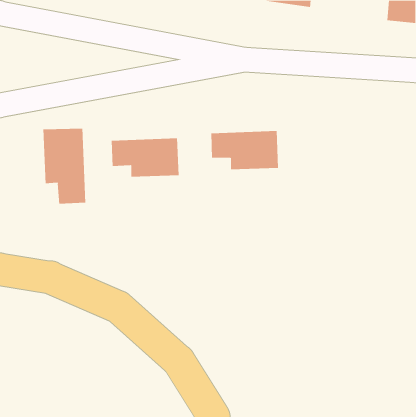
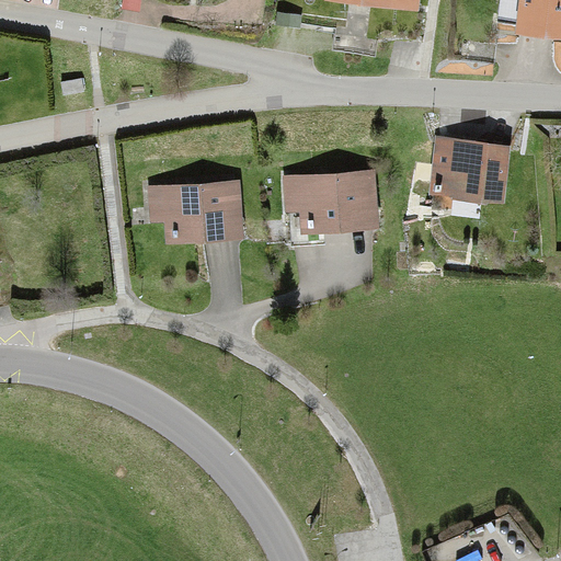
building: none -> [435,135,508,201]
building: [43,128,86,204] -> none

